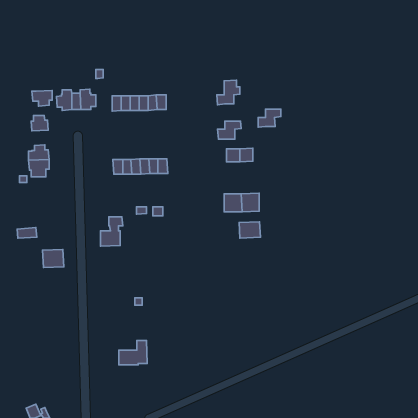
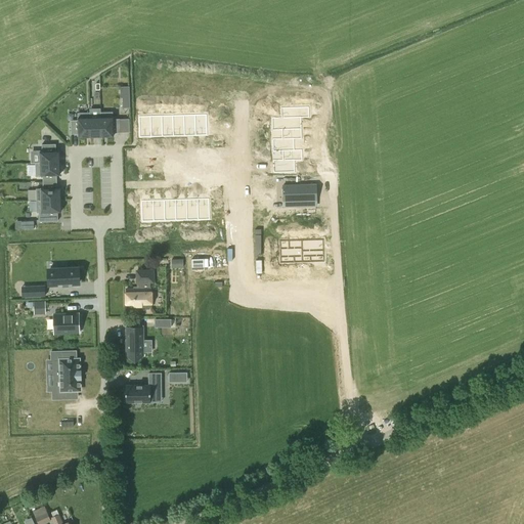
building: [32,90,52,106] -> [35,163,60,182]
building: [258,109,281,127] -> [272,130,301,152]
building: none -> [48,268,79,287]
building: [239,222,260,238] -> none
building: none -> [126,325,144,356]
building: none -> [50,350,82,399]
building: [119,340,147,365] -> [126,373,162,403]

